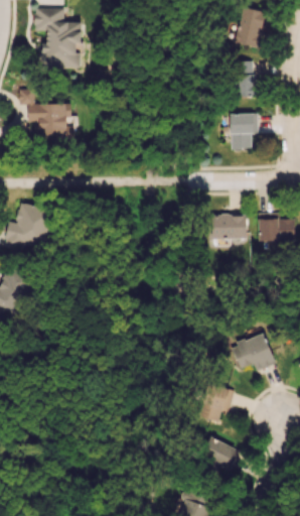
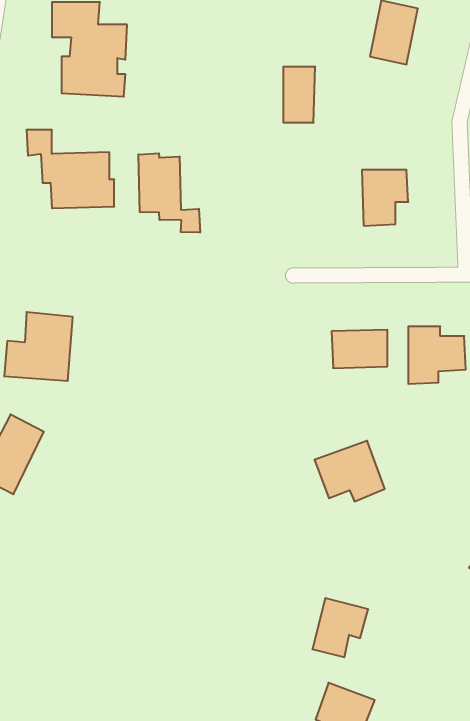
building: [236,60,256,96] -> [283,67,315,123]
building: none -> [138,153,200,233]
building: [232,333,276,371] -> [314,441,385,501]

